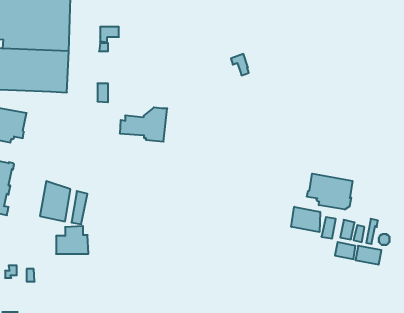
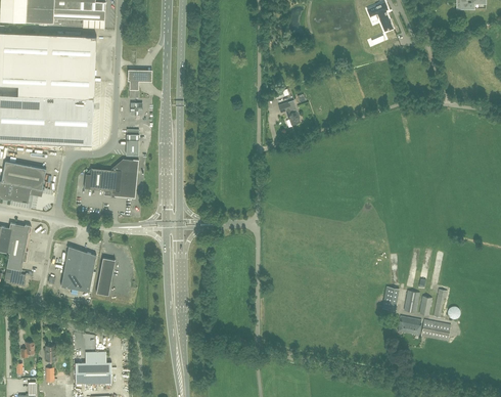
building: [120,107,167,142] -> [84,159,138,197]
building: [307,174,352,210] -> none
building: [291,207,320,232] -> none
building: [56,226,88,254] -> [75,351,111,383]

